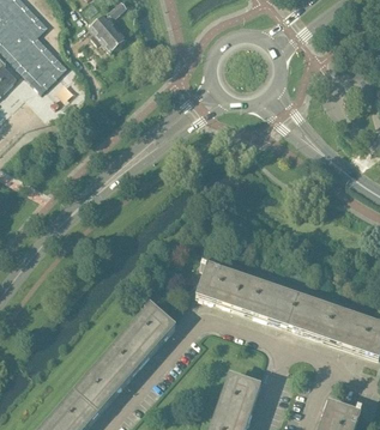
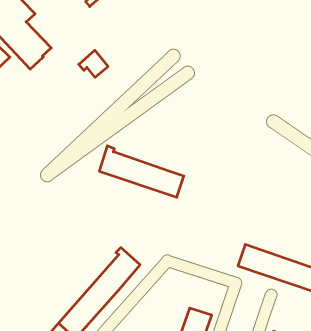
building: [91,17,126,49] -> [79,50,108,77]
building: [197,262,297,323] -> [99,146,184,197]

